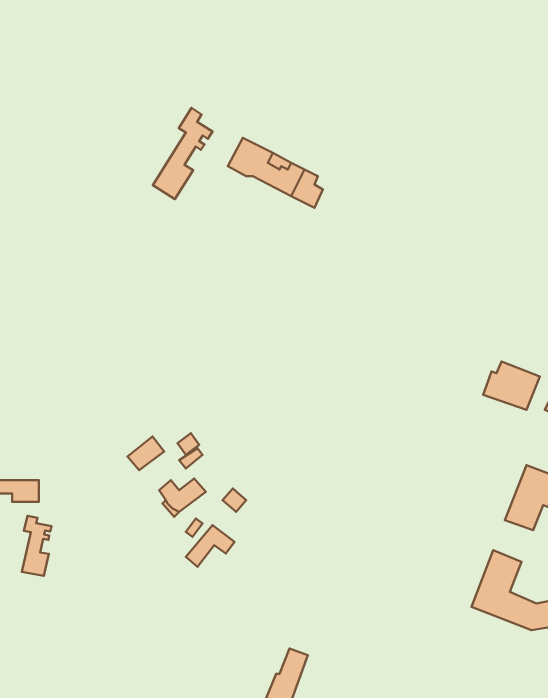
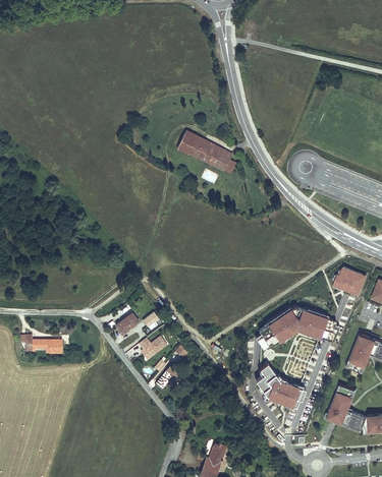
building: [153,108,212,199] -> none
building: none -> [259,306,338,345]
building: [22,516,51,576] -> none
building: none -> [255,364,306,409]

